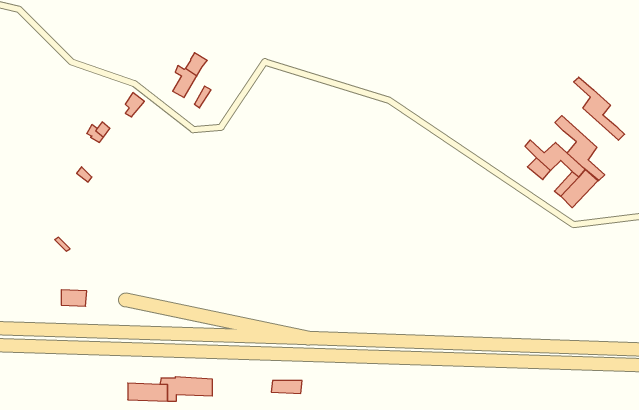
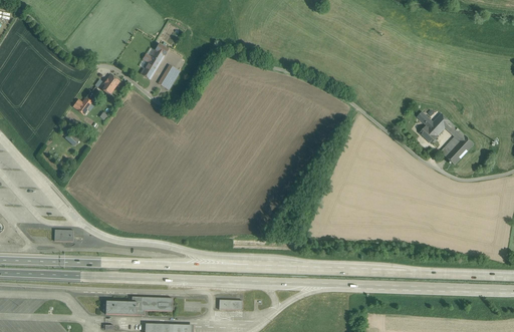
building: [574,77,625,140] -> none
building: [555,116,605,181] -> none

